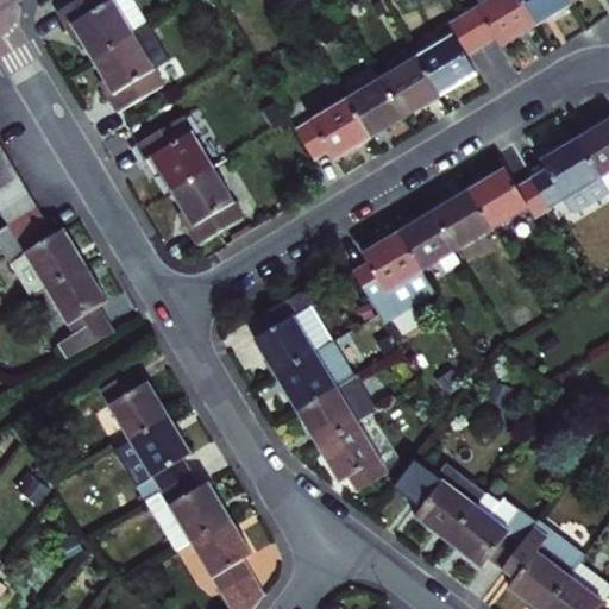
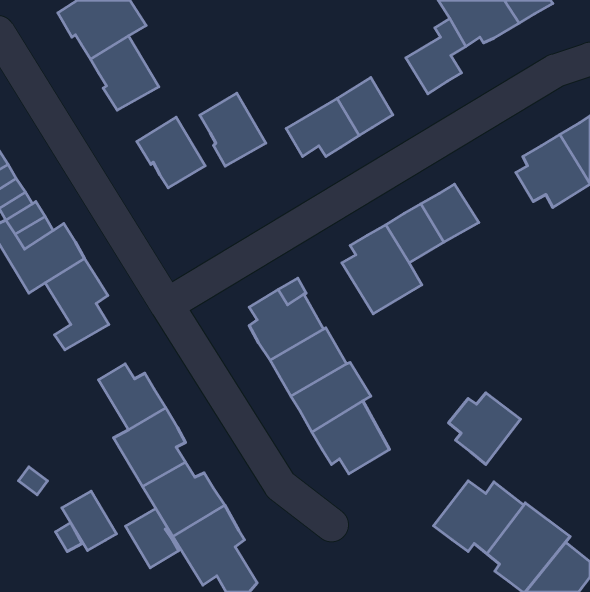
building: [381,59,439,118] -> none
building: [172,170,240,245] -> [200,93,266,166]
building: [466,170,547,228] -> none
building: [407,466,481,540] -> [449,393,520,464]
building: none -> [62,491,117,550]
building: none -> [125,509,178,568]

